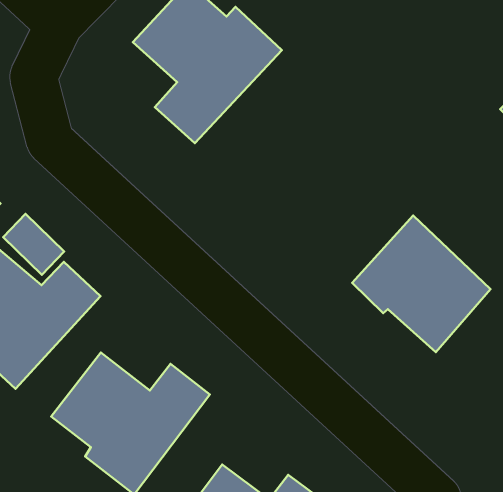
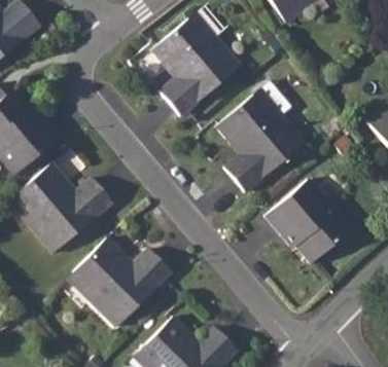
building: none -> [214,81,303,191]

